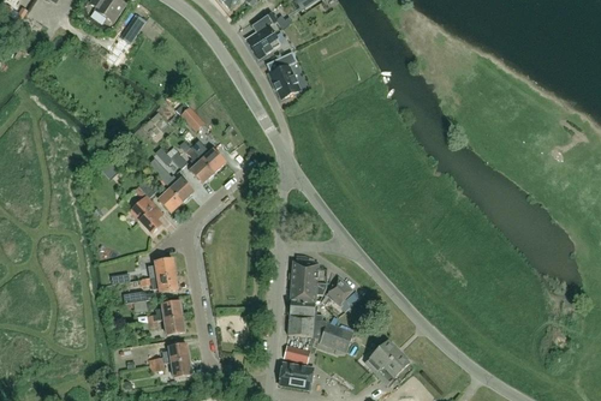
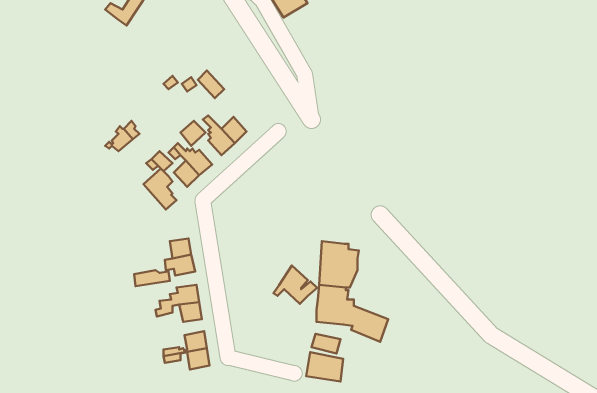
building: [268,52,299,97] -> none
building: [321,276,361,311] -> [273,265,317,304]
building: [364,340,412,383] -> none

